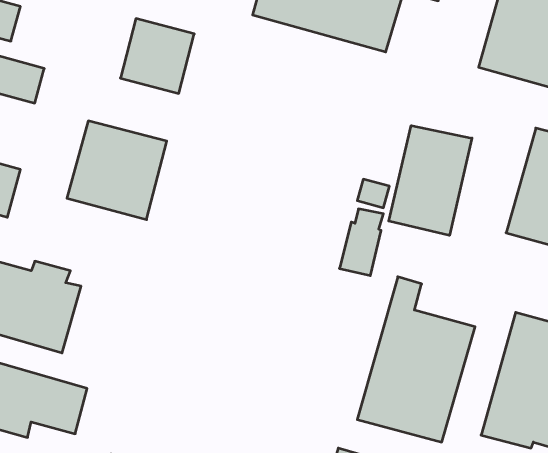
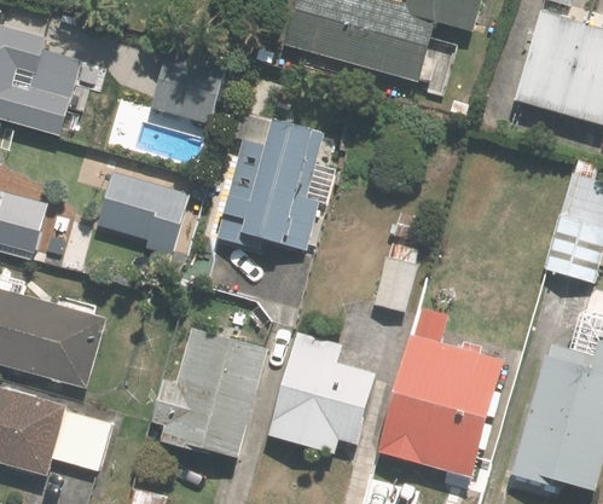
building: none -> [213,111,318,249]
building: [389,126,472,235] -> none
building: none -> [161,335,266,458]
building: none -> [278,335,379,452]

